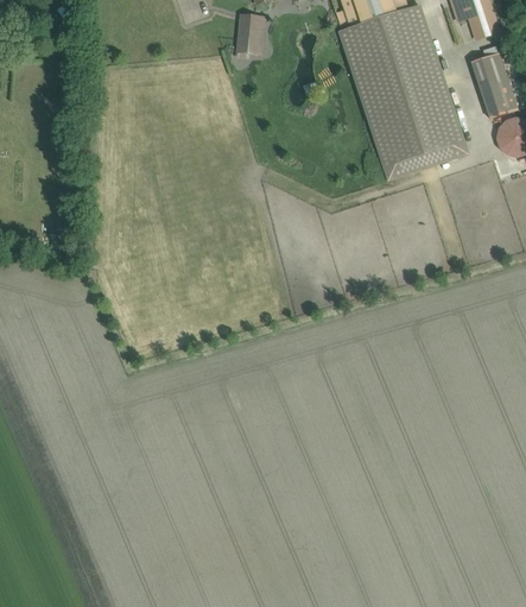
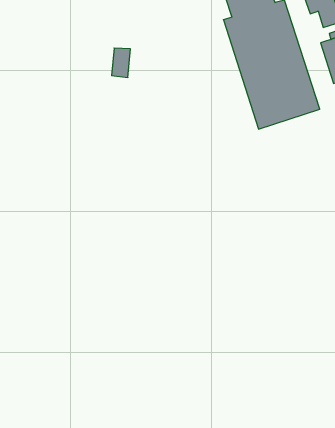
building: [236,13,262,53] -> [112,48,130,77]

